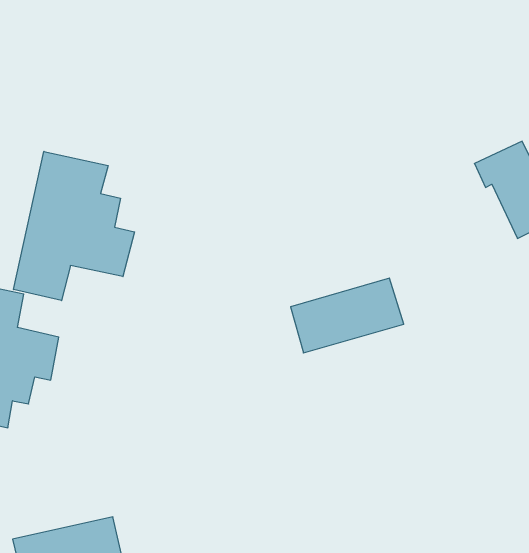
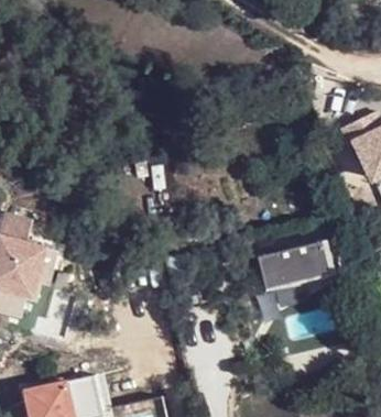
building: [14,151,135,301] -> none
building: [291,278,404,353] -> [264,240,342,292]

